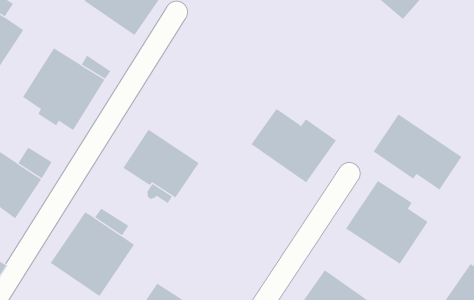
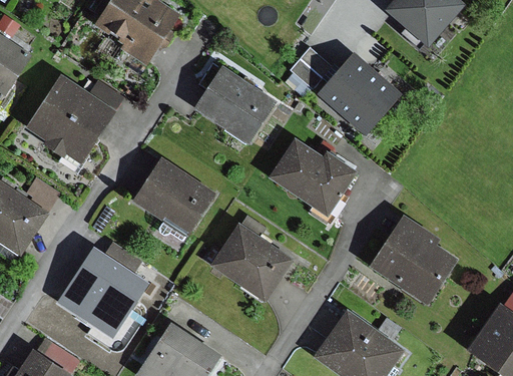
building: none -> [289,49,330,89]
building: none -> [317,52,401,135]
building: none -> [194,67,276,143]
building: [373,113,462,190] -> none
building: none -> [212,225,294,301]

